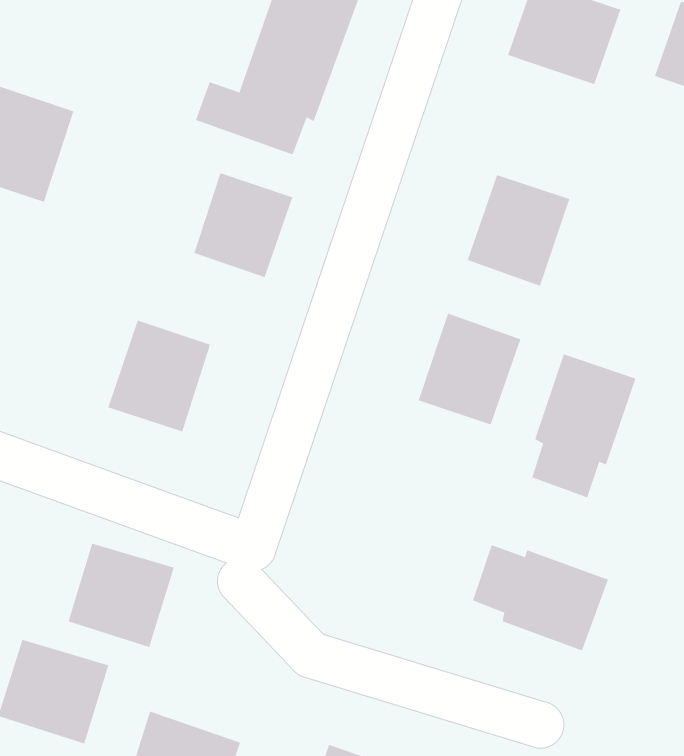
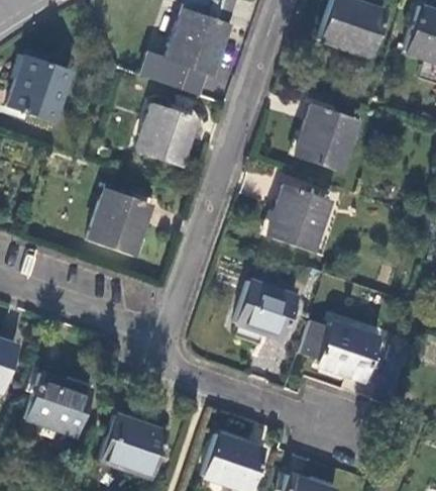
building: [532,353,636,498] -> none
building: none -> [235,282,297,340]
building: [68,543,174,648] -> none

